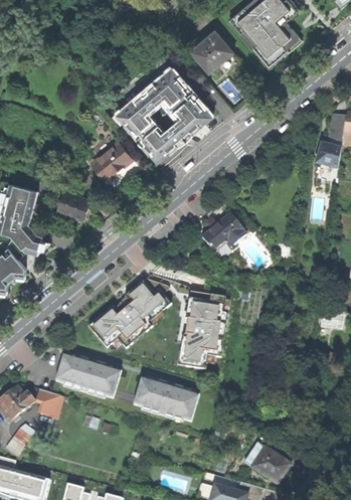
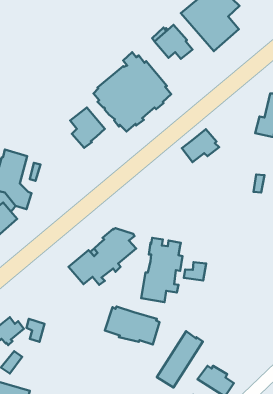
building: [59,192,91,220] -> none
building: [202,212,247,253] -> [182,129,219,162]
building: none -> [184,262,206,280]
building: [54,351,121,397] -> none
building: none -> [157,331,203,387]

